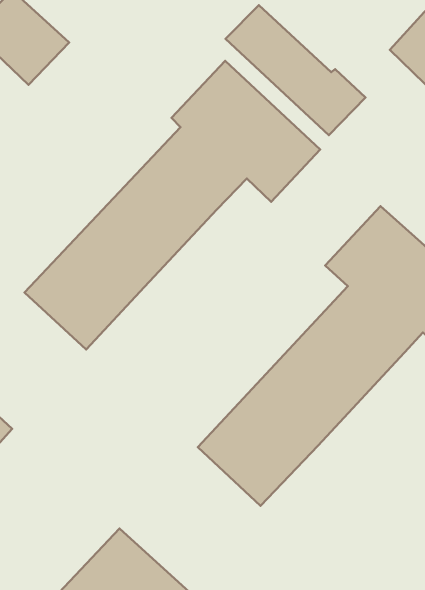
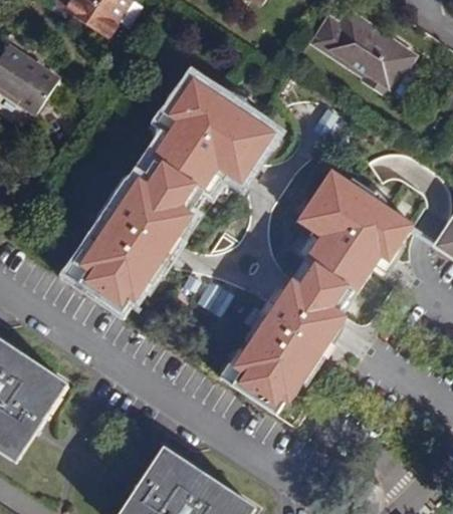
building: [226,5,365,135] -> none

